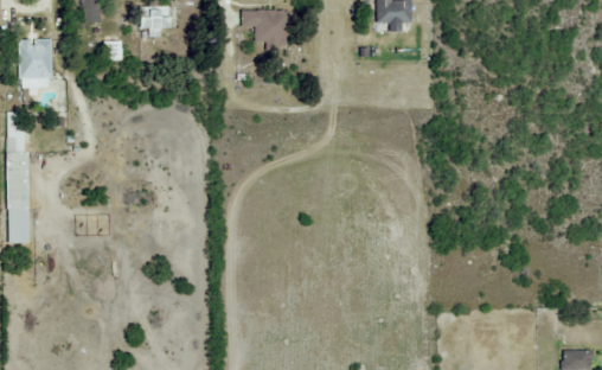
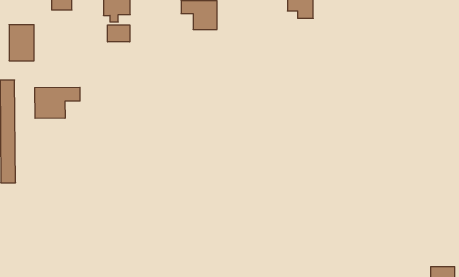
building: none -> [108,25,130,42]
building: none -> [35,87,80,118]

